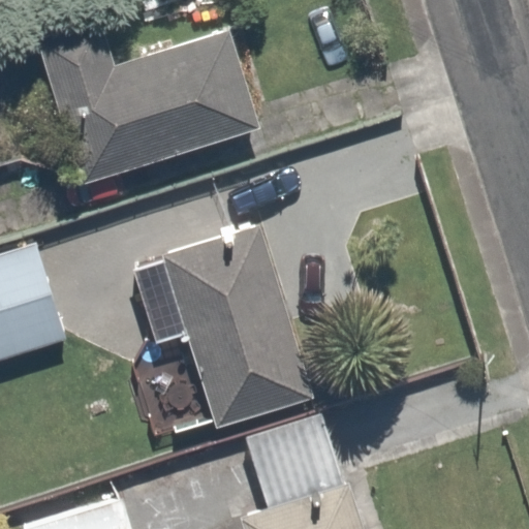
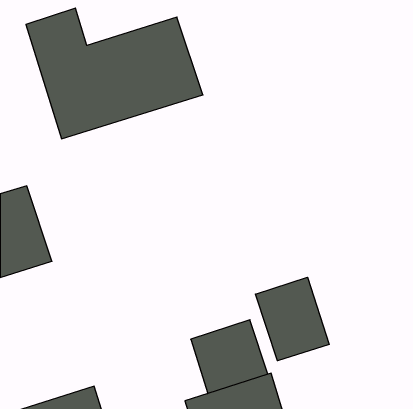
building: [131,225,312,429] -> none
building: none -> [255,277,329,361]

